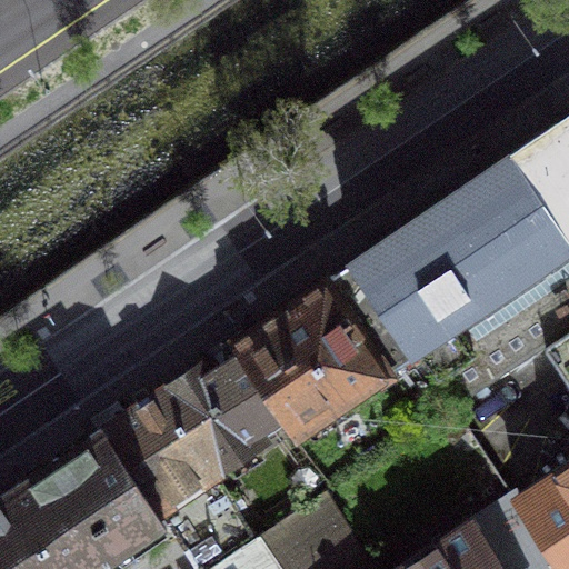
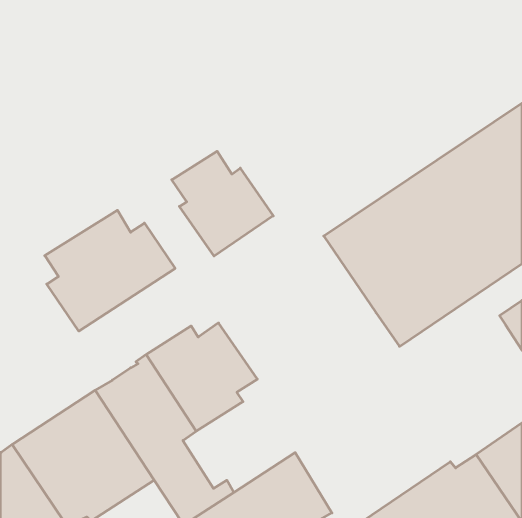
building: none -> [172,151,273,256]
building: none -> [45,210,175,331]
building: [230,261,409,439] -> none

